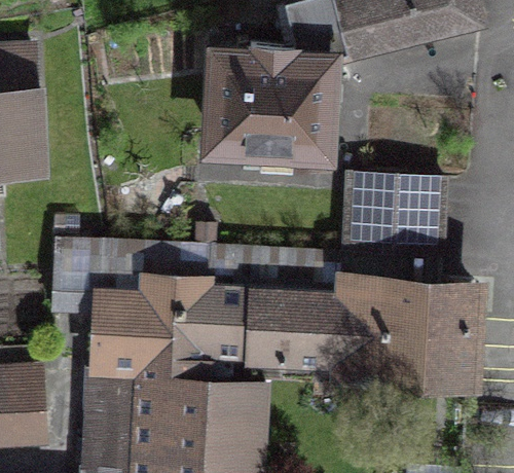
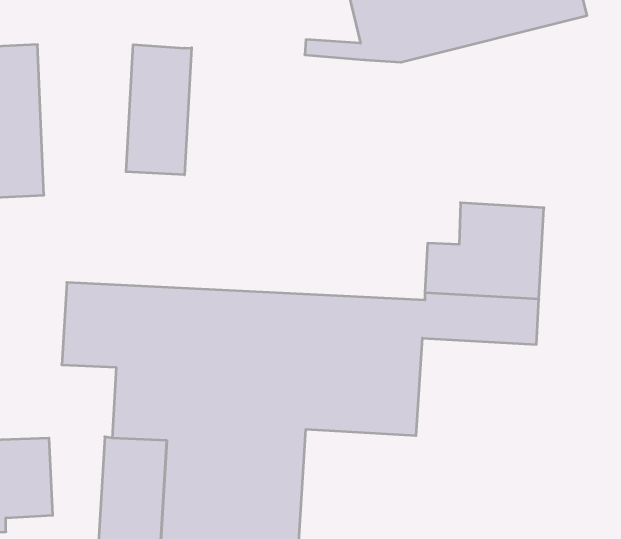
building: none -> [126,45,192,175]
building: [214,66,328,161] -> none
building: [340,297,472,384] -> none

